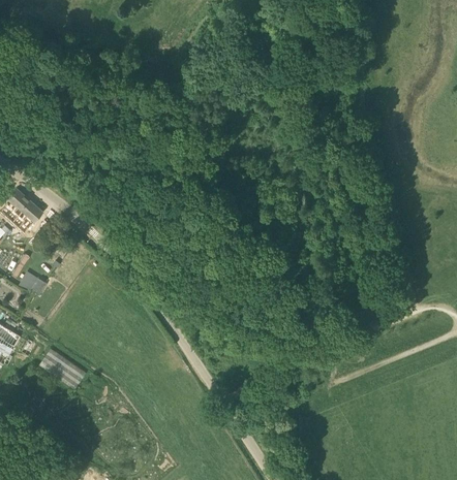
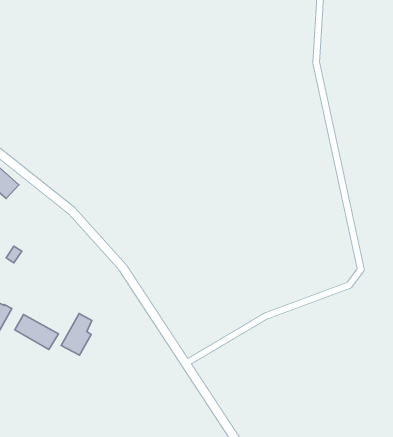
building: none -> [61,314,92,355]

